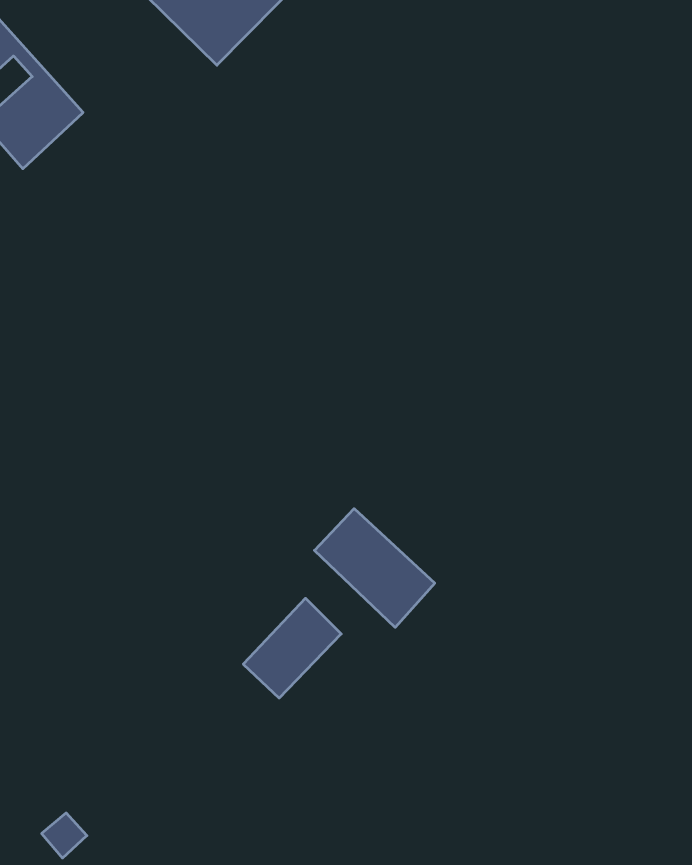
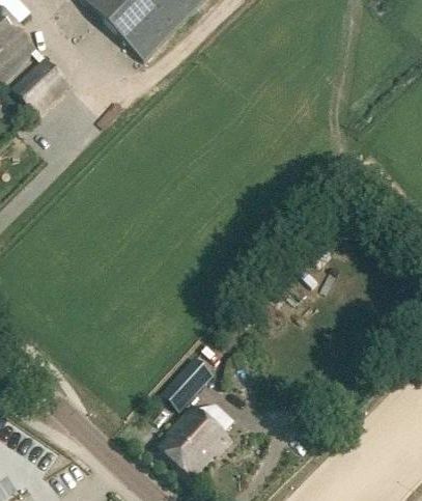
building: [314,509,435,627] -> none
building: none -> [158,406,229,478]

